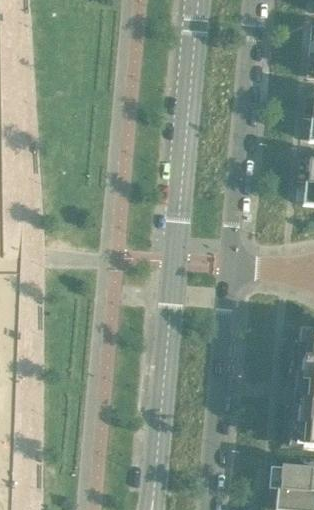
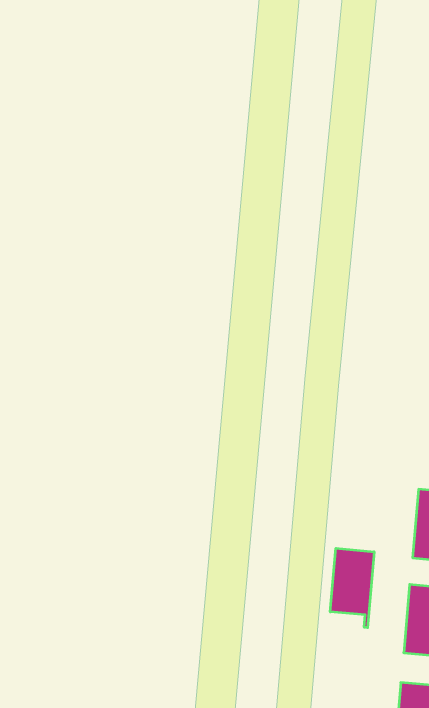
building: none -> [330,548,374,628]

